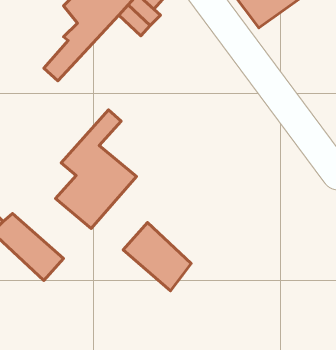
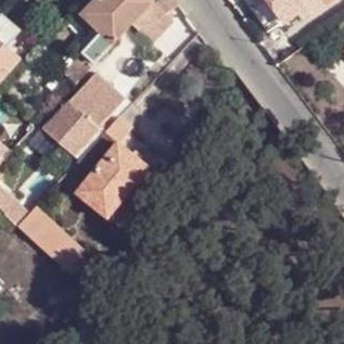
building: none -> [43,64,130,161]
building: [123,223,191,291] -> none

